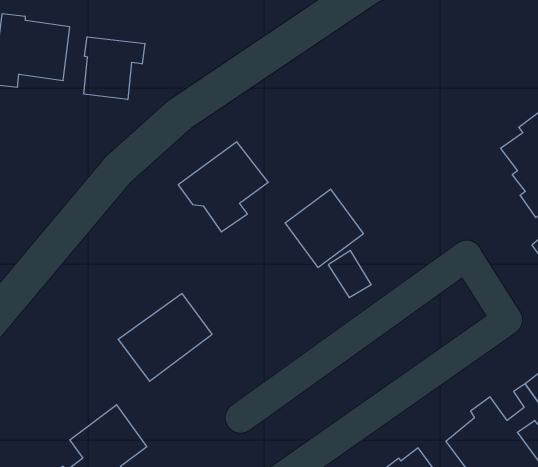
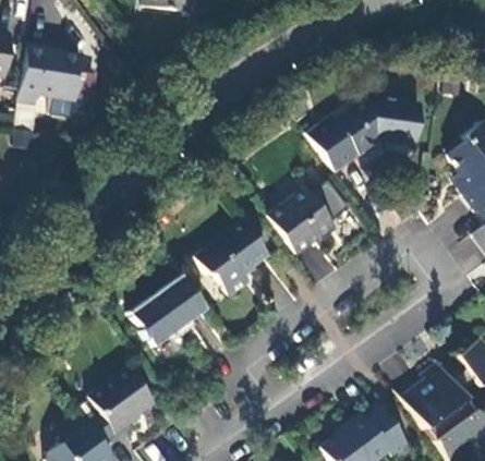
building: [84,37,145,100] -> none
building: none -> [306,97,421,173]
building: [178,142,268,232] -> [193,221,268,296]

